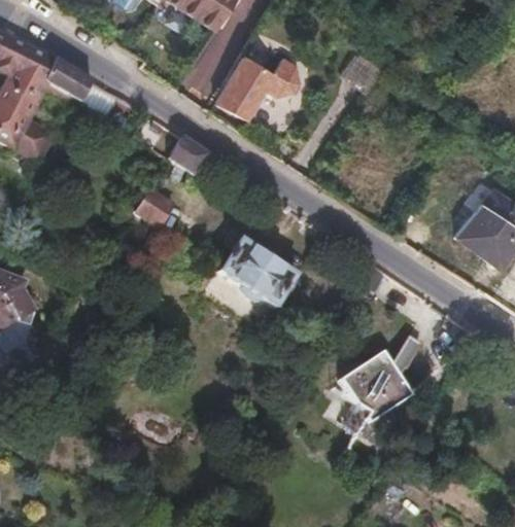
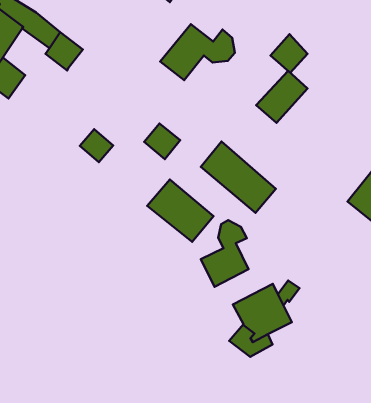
building: none -> [256,71,307,123]
building: [170,138,212,179] -> [144,124,180,159]
building: none -> [201,142,276,213]
building: none -> [201,220,249,287]

